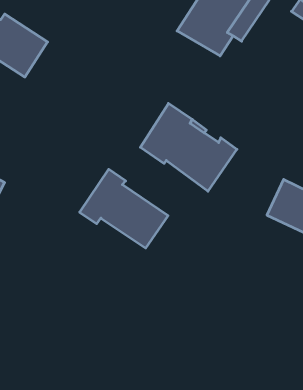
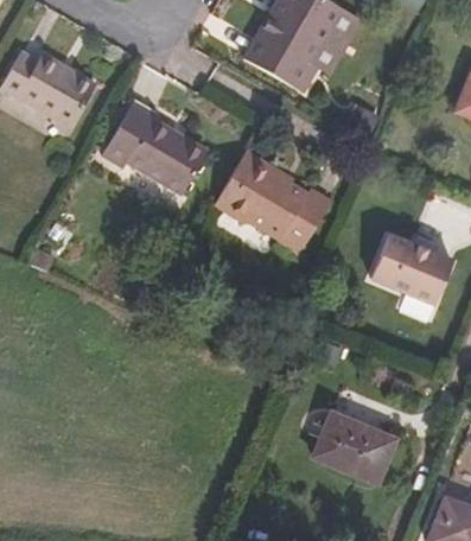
building: [80,169,168,248] -> [101,101,208,193]
building: none -> [314,414,395,483]

